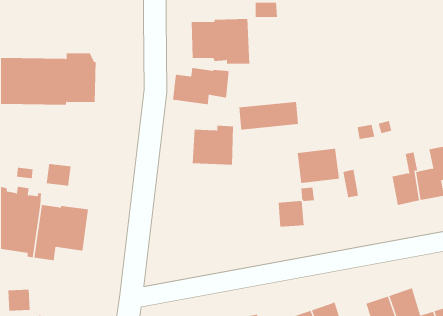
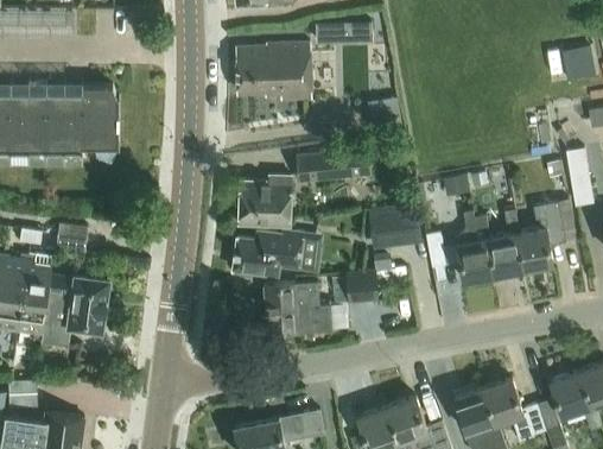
building: [172,67,230,105] -> [233,232,304,278]
building: none -> [456,211,494,283]
building: none -> [265,284,331,335]

